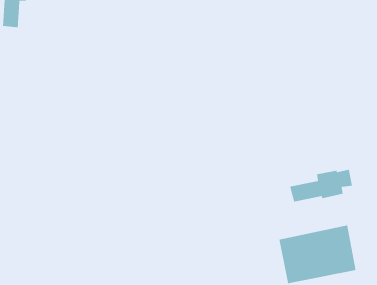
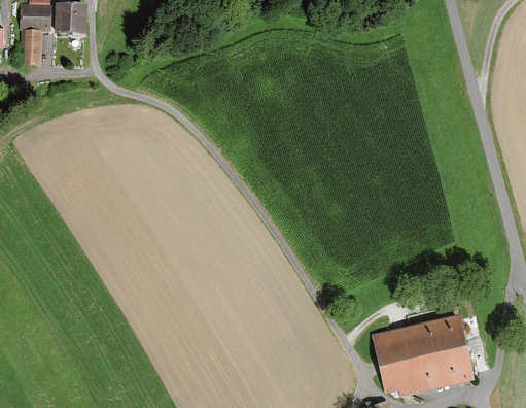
building: [289,169,353,203] -> none

